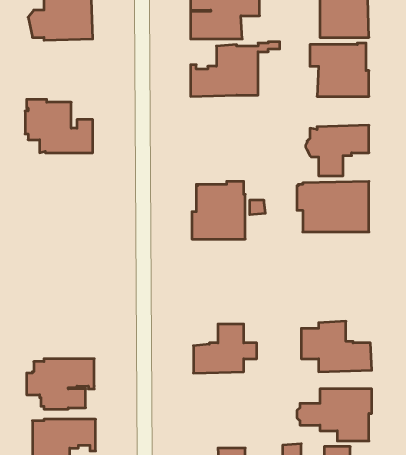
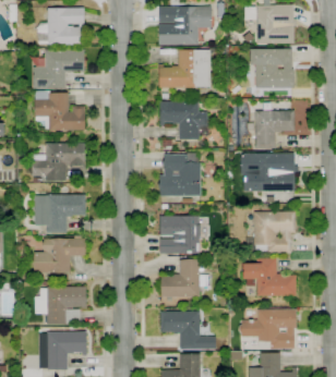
building: none -> [33,50,85,89]
building: none -> [160,101,208,139]
building: none -> [31,142,85,181]
building: none -> [35,194,86,233]
building: none -> [254,211,296,253]
building: none -> [160,214,209,254]
building: none -> [35,235,85,272]
building: none -> [161,308,216,349]

